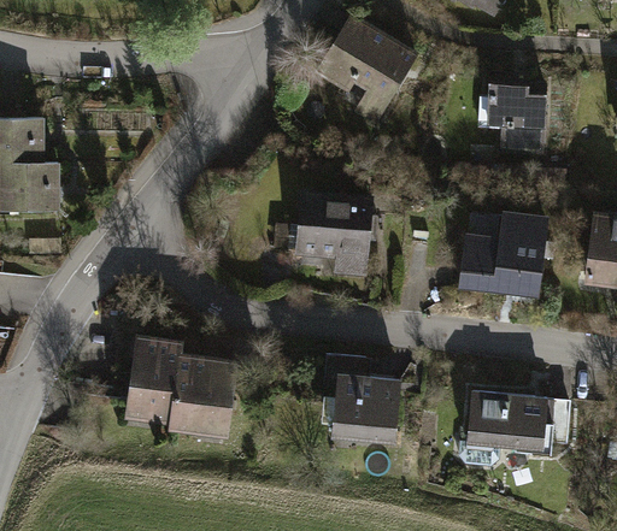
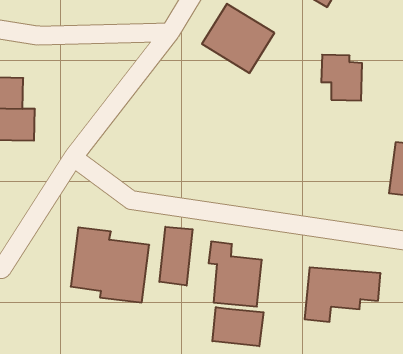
building: [293,185,372,277] -> none
building: [459,208,548,296] -> none
building: none -> [159,227,193,286]
building: none -> [212,307,264,346]

